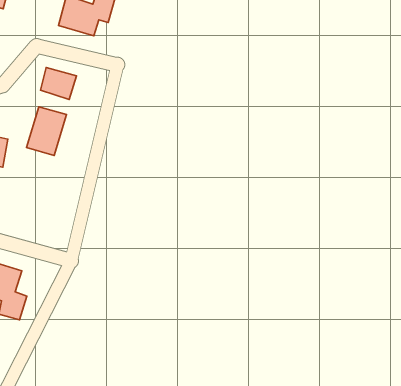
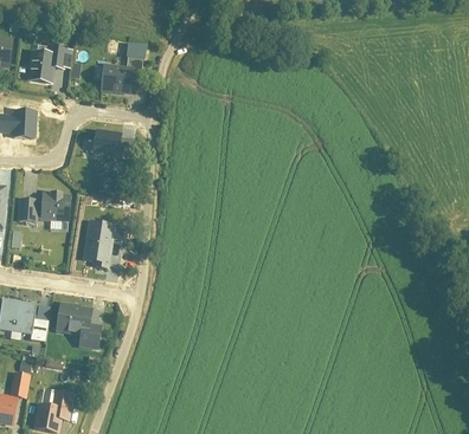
building: [27,107,66,155] -> [83,220,114,260]

